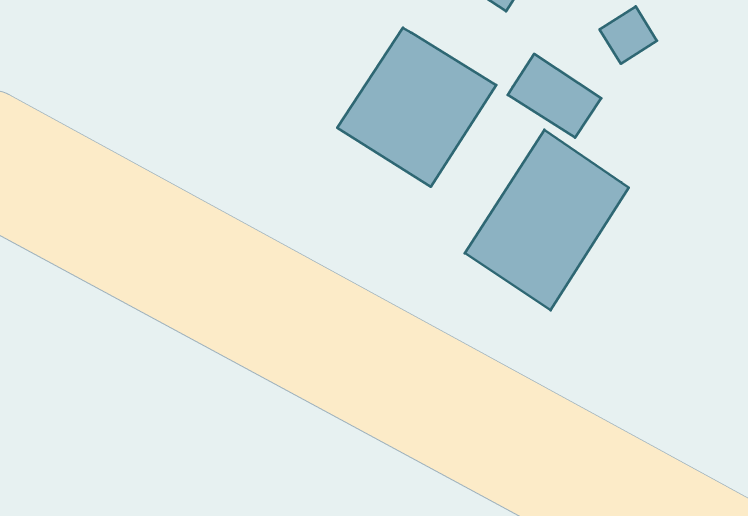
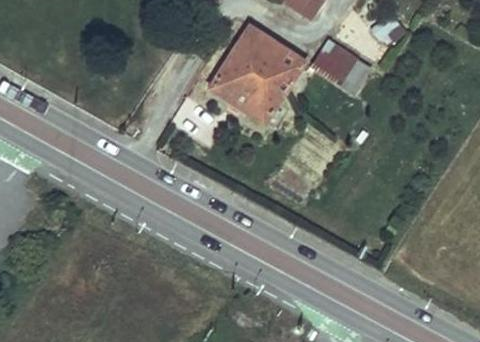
building: [465,130,629,310] -> none

